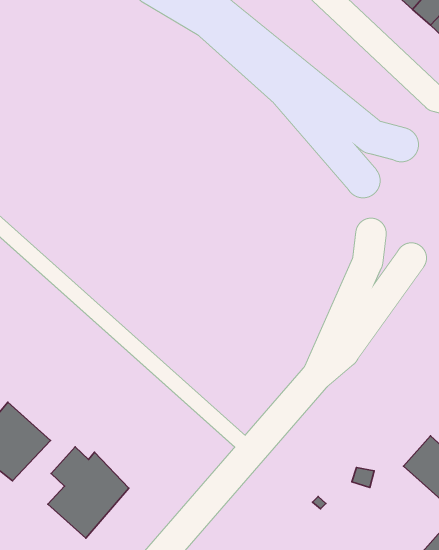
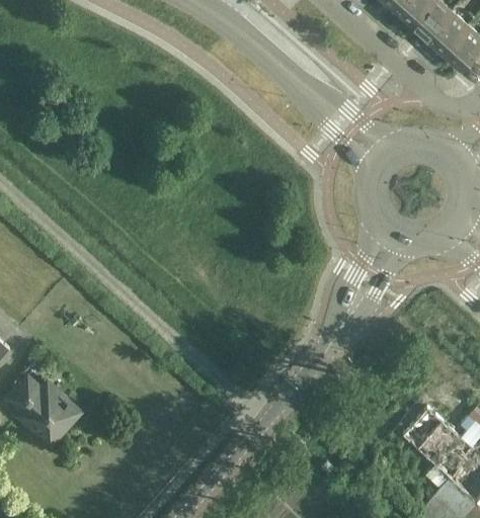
building: [48,447,129,538] -> none

